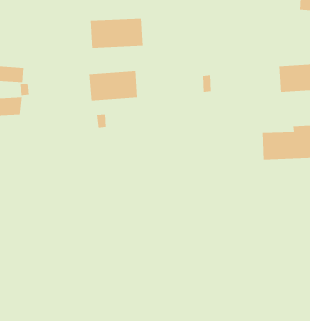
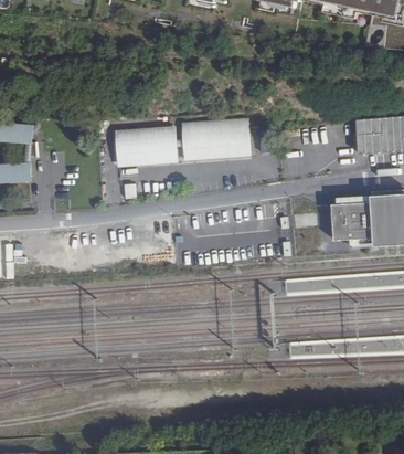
building: [90,18,144,48] -> [180,120,248,159]

